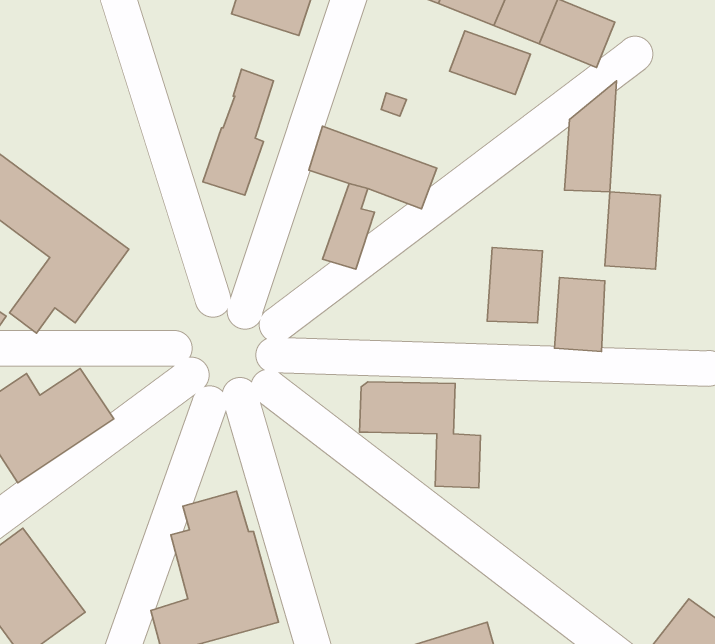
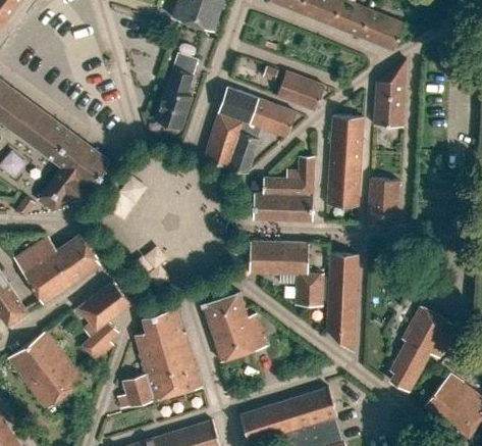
building: [450,31,530,95] -> [276,71,325,110]
building: none -> [205,113,244,167]
building: [605,192,660,269] -> [330,115,364,162]
building: none -> [253,156,314,220]
building: none -> [325,254,357,353]
building: none -> [77,281,131,361]
building: none -> [202,292,266,361]
building: none -> [390,306,457,392]

